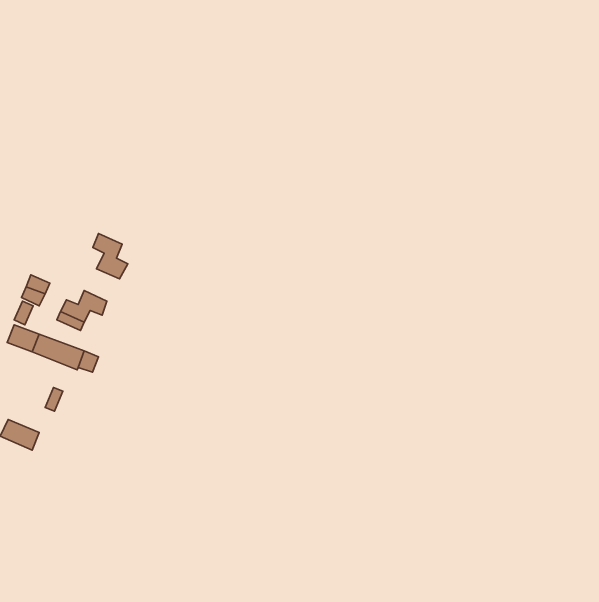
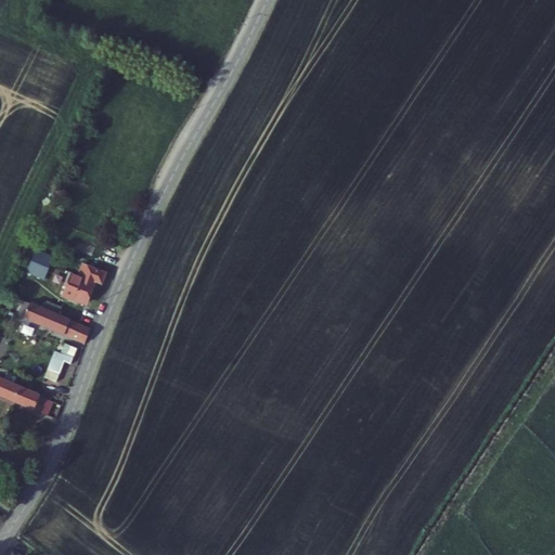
building: [93,234,128,279] -> none

